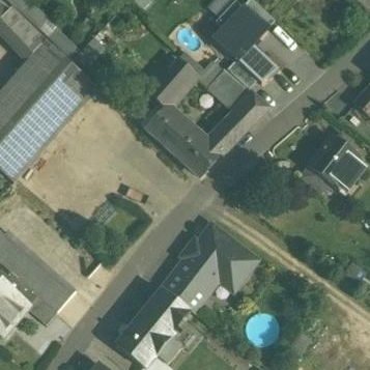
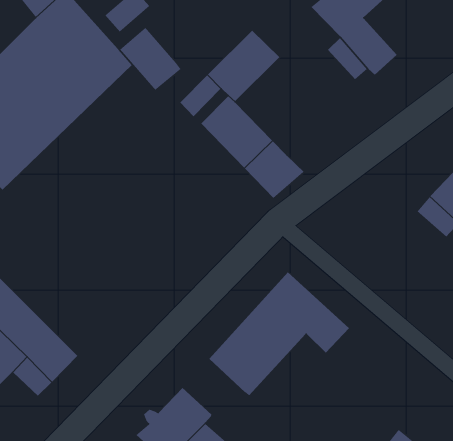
building: none -> [119,27,182,91]
building: [206,69,266,153] -> none
building: [145,287,189,330] -> none

